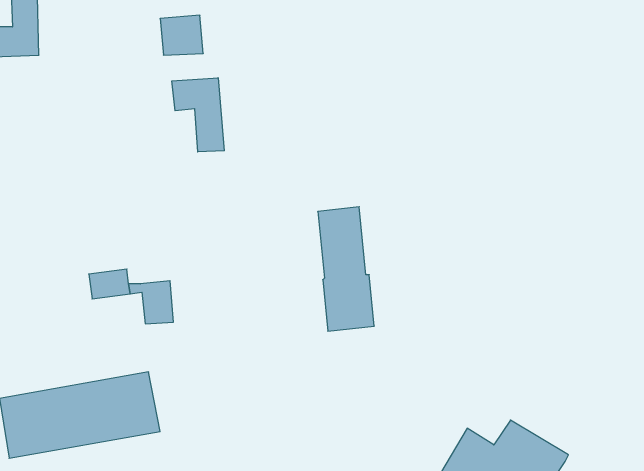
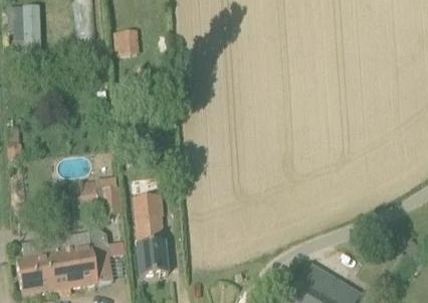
building: [172,78,224,152] -> none
building: [318,207,374,331] -> [134,199,168,275]

